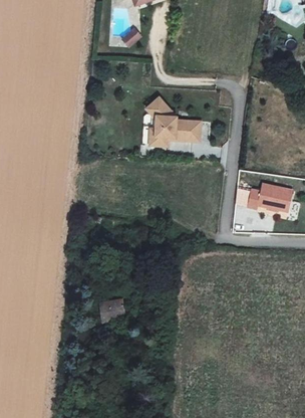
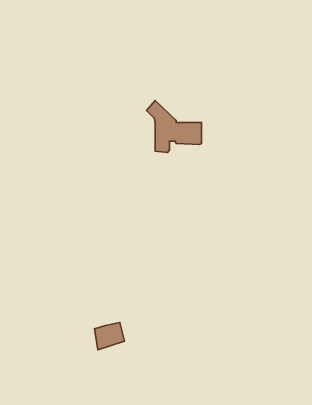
building: [245,183,289,208] -> none

